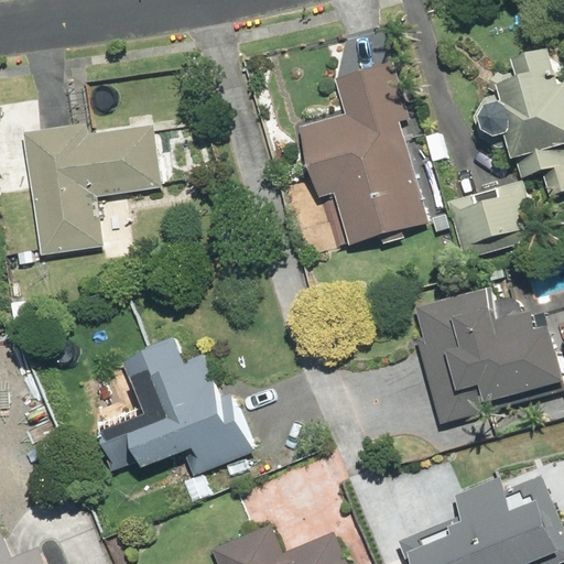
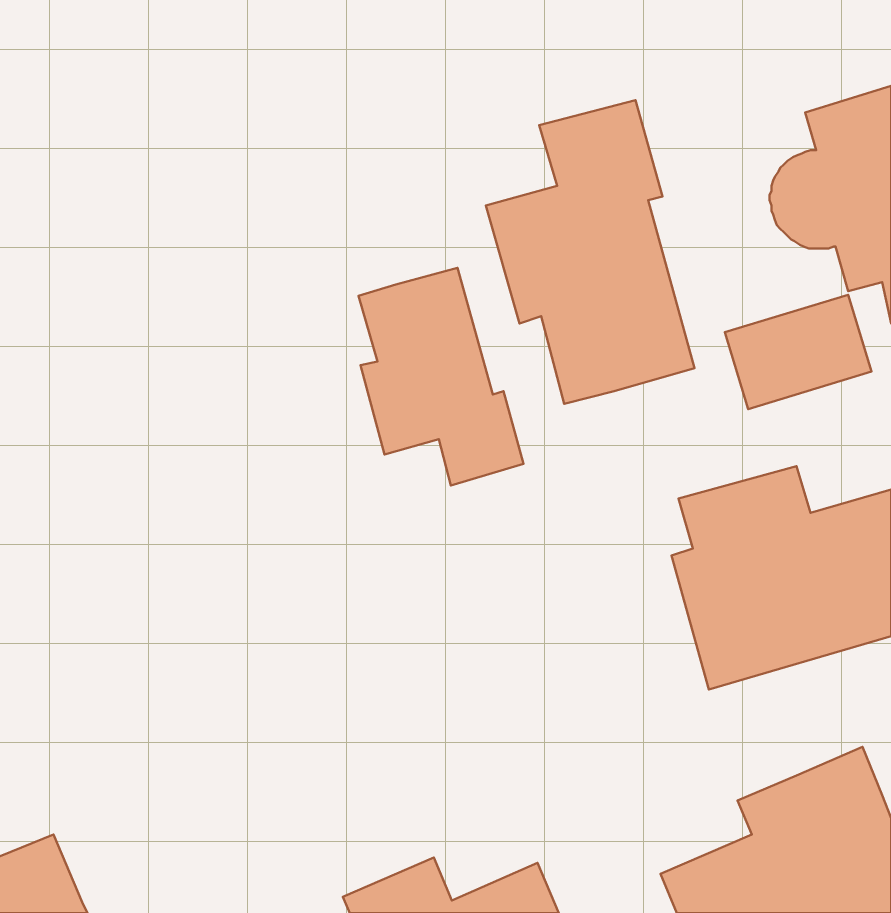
building: [23,127,158,268] -> none
building: none -> [358,268,524,485]
building: [98,339,253,501] -> none

